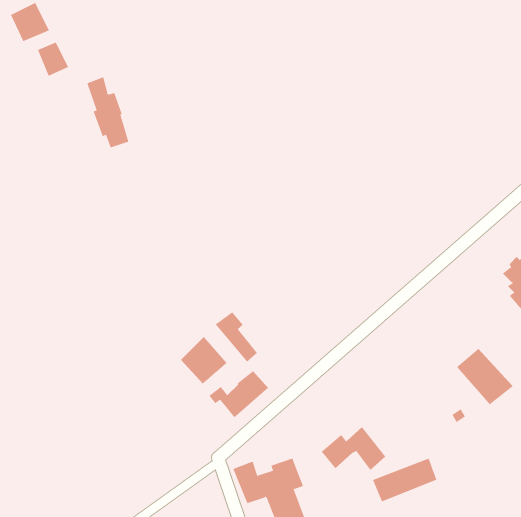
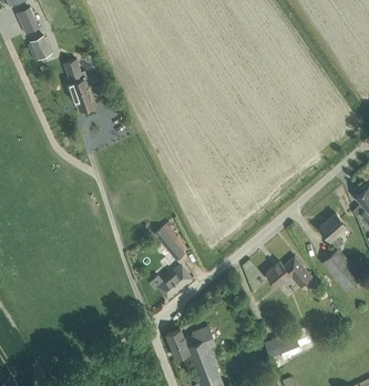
building: none -> [319,215,347,248]
building: [180,336,227,385] -> none
building: [321,426,386,471] -> [266,257,311,288]

